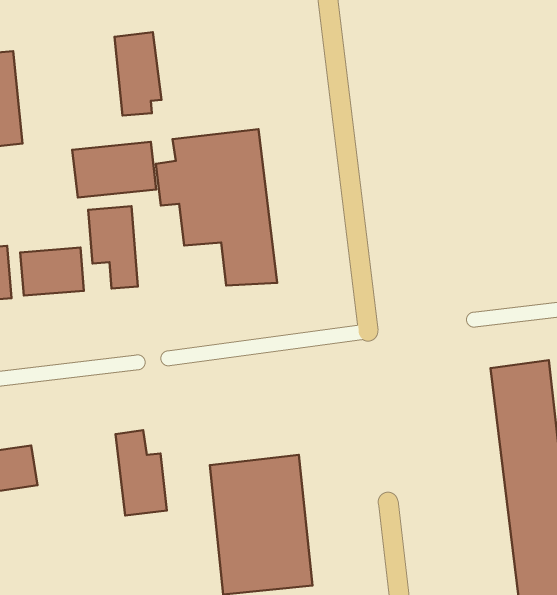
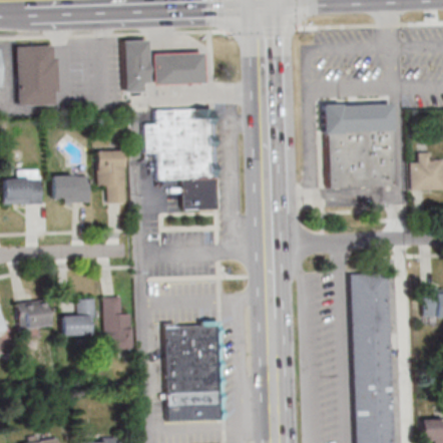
building: none -> [326,100,396,187]
building: [72,142,156,197] -> [153,53,205,85]
building: none -> [63,299,95,336]

